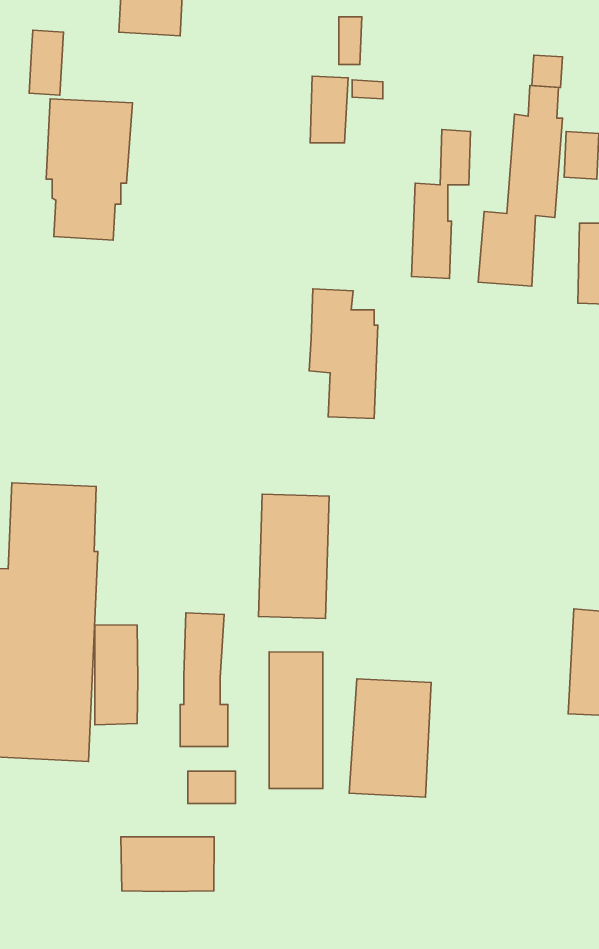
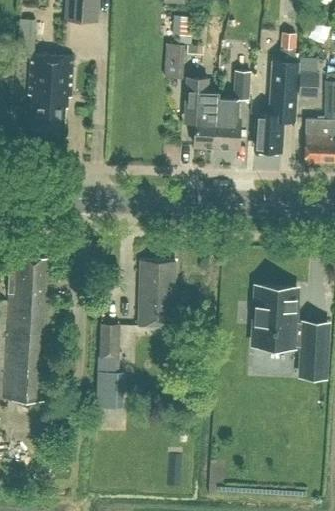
building: [309,289,378,419] -> [184,79,220,147]
building: [95,625,138,725] -> none
building: [269,652,323,789] -> none
building: [349,679,431,797] -> [253,285,296,347]
building: [121,837,214,891] -> none

